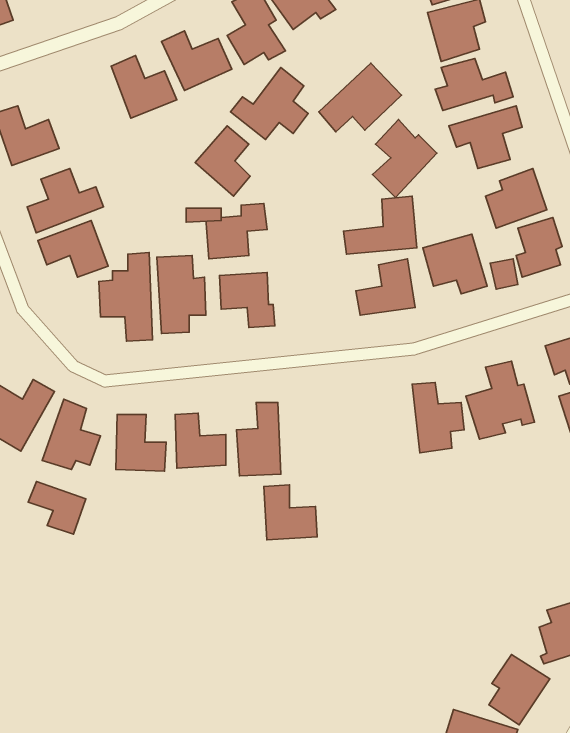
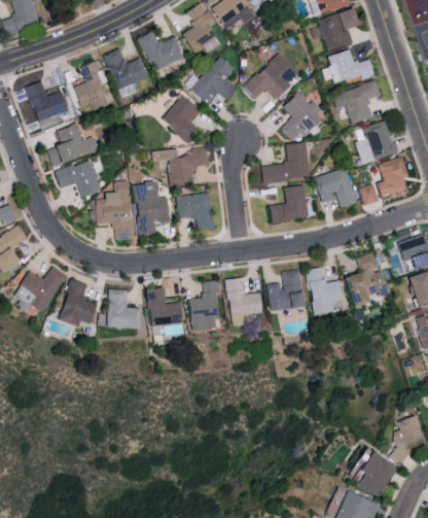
building: none -> [74,60,109,109]
building: none -> [266,270,304,311]
building: [28,482,86,534] -> none
building: [264,485,317,540] -> [226,278,262,315]

